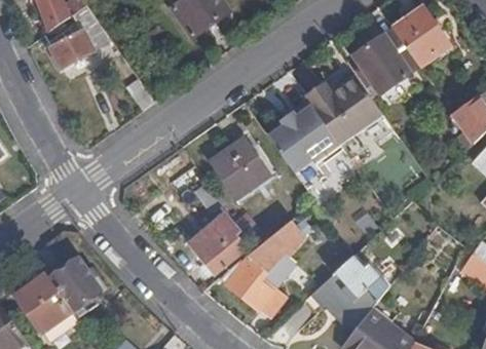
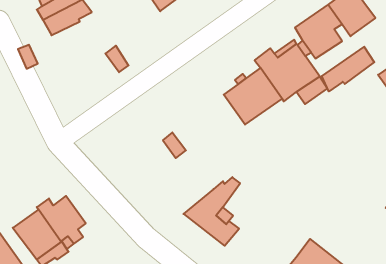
building: none -> [322,47,374,91]
building: [210,138,270,199] -> none
building: [190,211,246,272] -> none
building: [311,256,388,331] -> none

